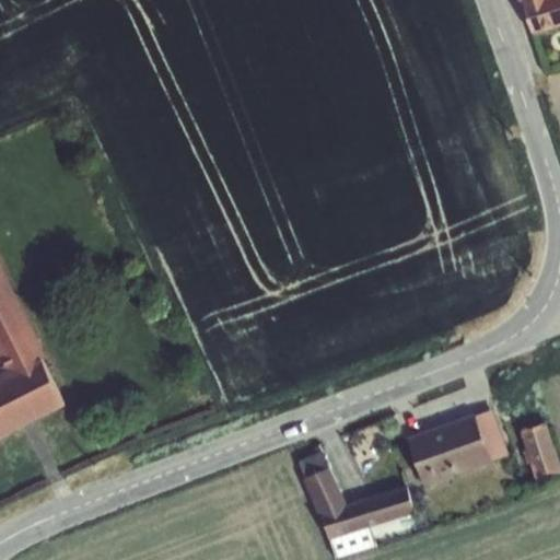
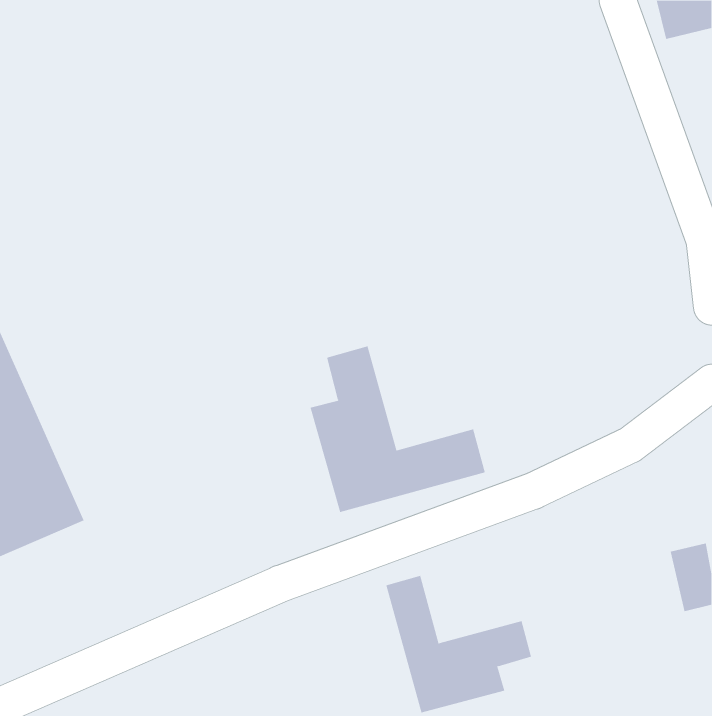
building: none -> [310,346,486,513]
building: [404,406,509,487] -> none

